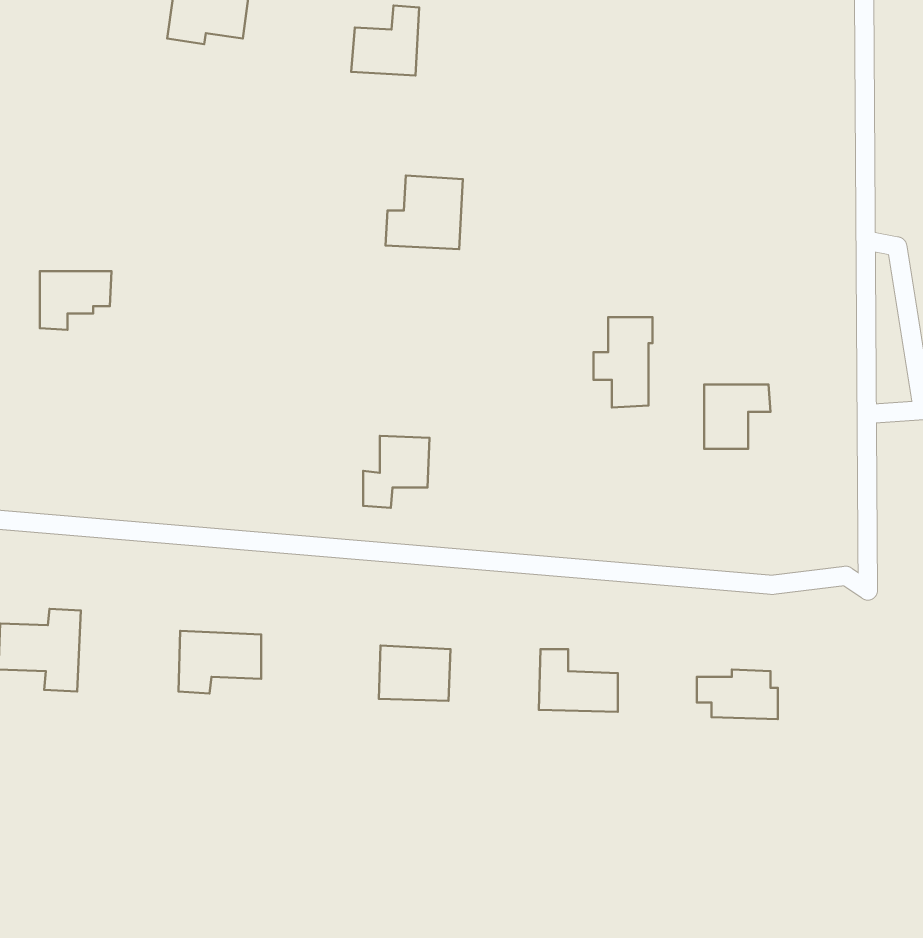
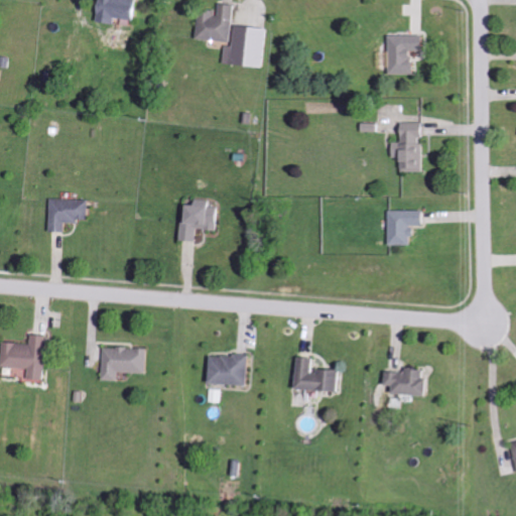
building: none -> [385,35,420,75]
building: [386,176,463,249] -> [221,26,263,67]
building: [40,271,112,330] -> [46,199,86,231]
building: [593,317,652,407] -> [389,123,421,172]
building: [363,436,429,508] -> [179,201,216,240]

